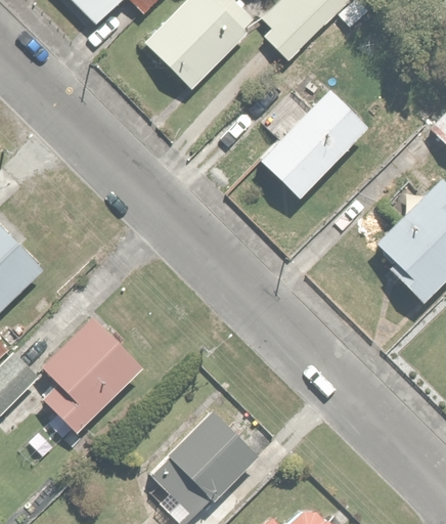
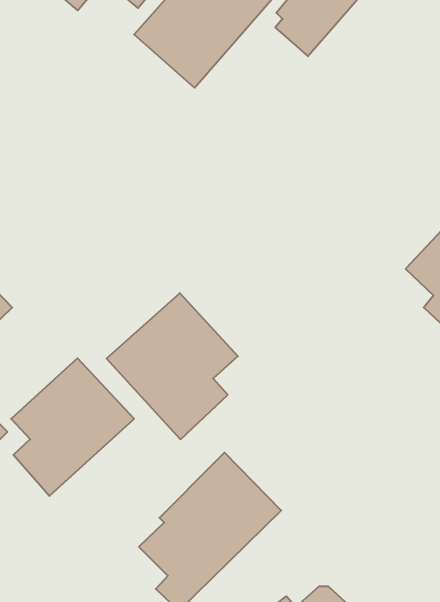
building: [258,88,367,202] -> none
building: none -> [107,293,238,439]

